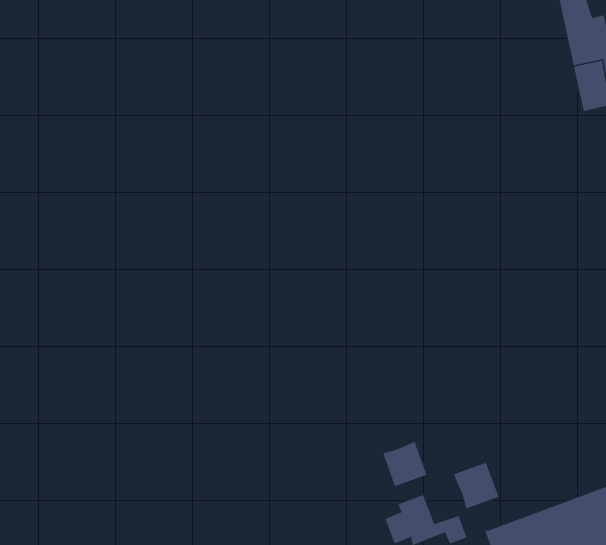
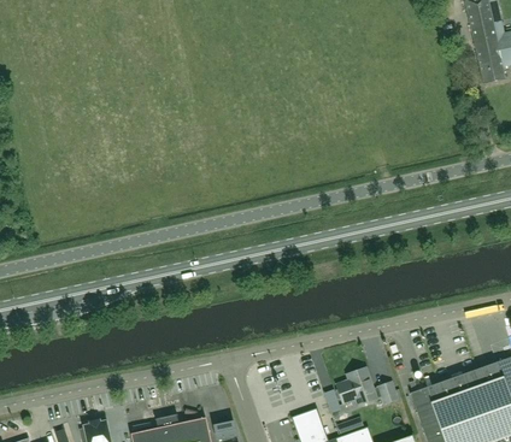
building: [382,441,428,487] -> none
building: [453,462,499,509] -> none

